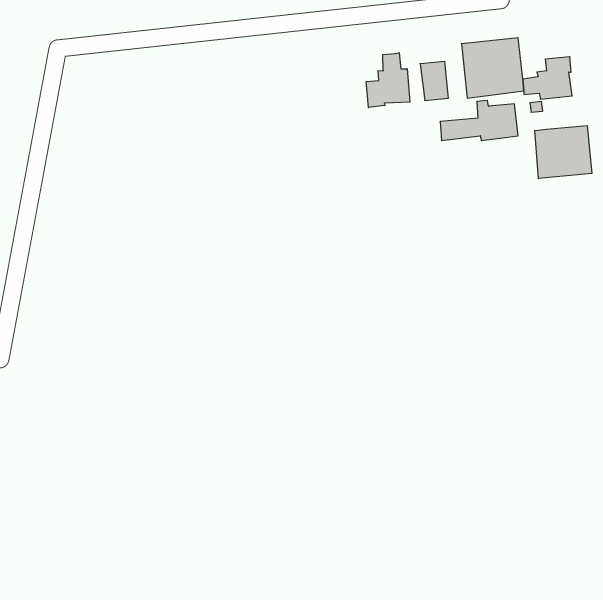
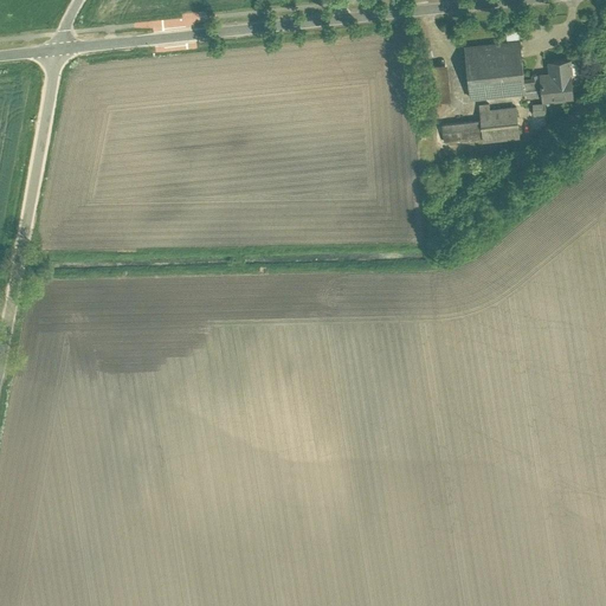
building: [366,53,410,108] -> none
building: [535,126,592,179] -> none

